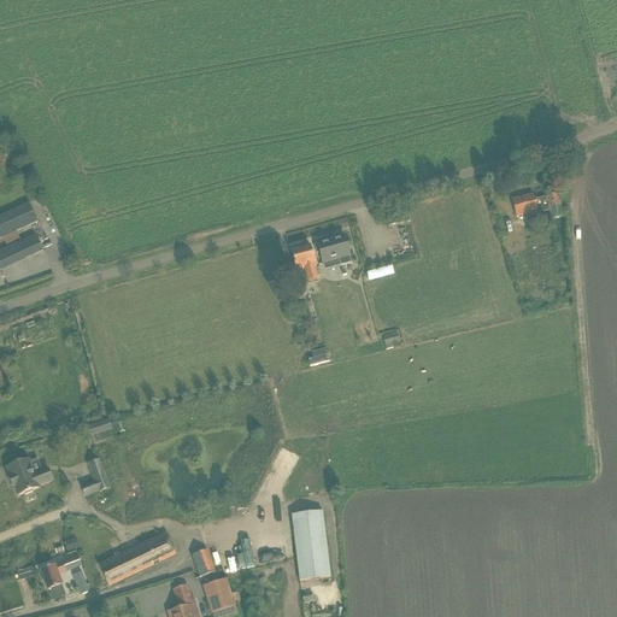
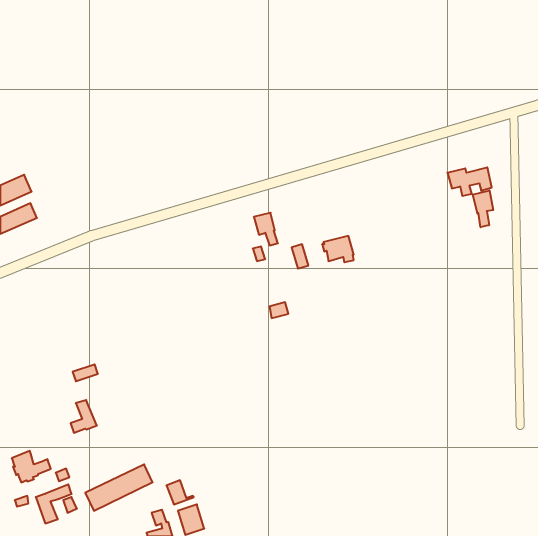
building: none -> [473,190,493,227]
building: [315,234,351,264] -> [322,236,354,262]
building: [7,458,52,494] -> [12,451,51,482]
building: [290,510,330,580] -> none

